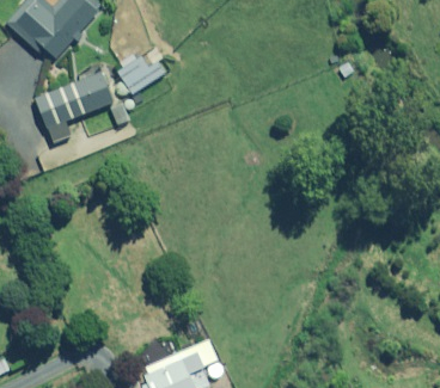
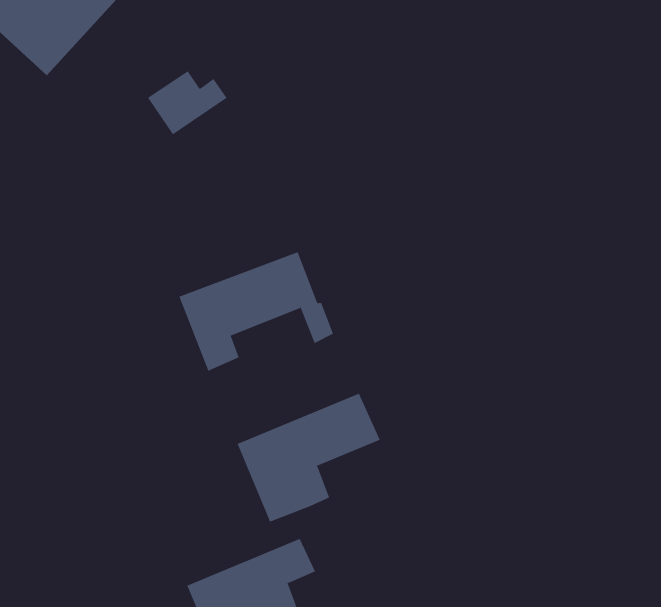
building: [33,69,128,142] -> [179,251,334,371]
building: none -> [237,393,380,523]

